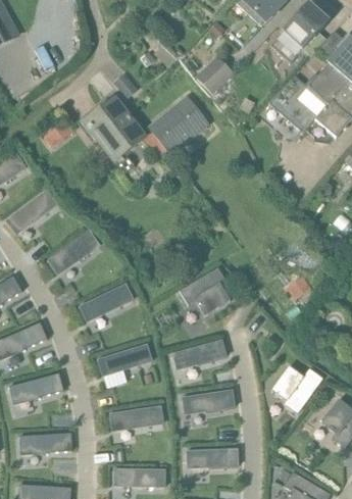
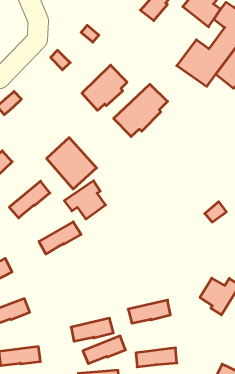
building: [194,55,234,95] -> none
building: [85,99,145,162] -> [47,138,97,189]
building: none -> [114,84,168,137]
building: [180,268,230,314] -> [64,181,106,219]
building: [172,340,224,368] -> none
building: [98,344,150,375] -> [83,336,126,364]

